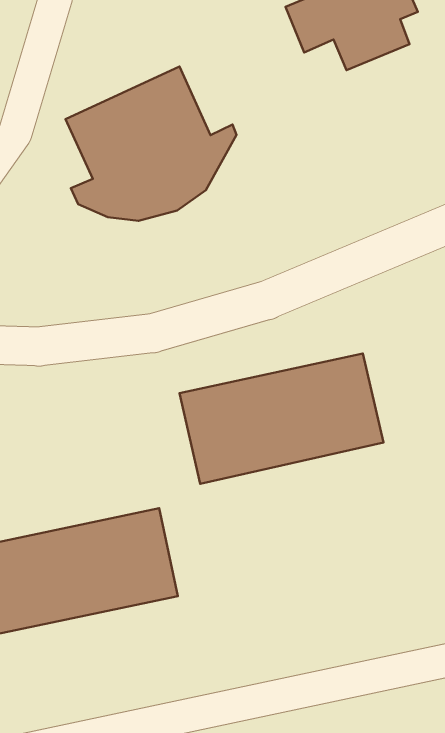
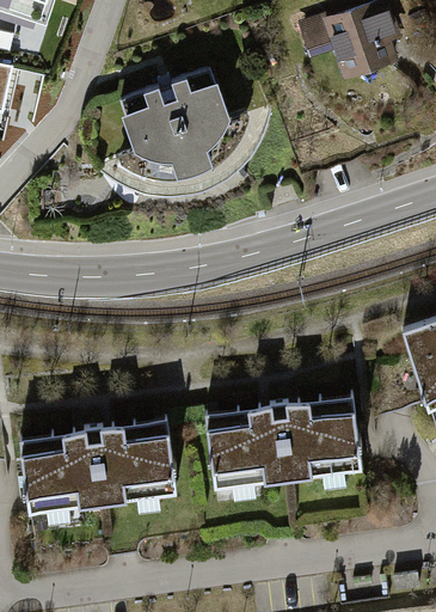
building: [180,353,383,484] -> [205,391,363,484]

